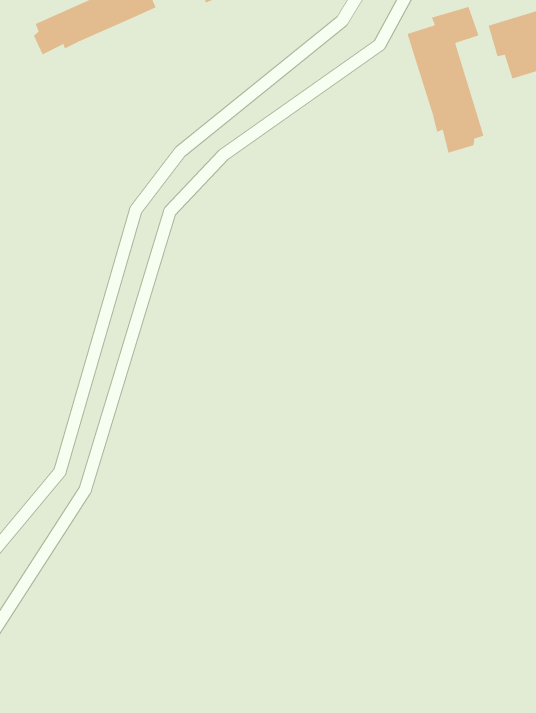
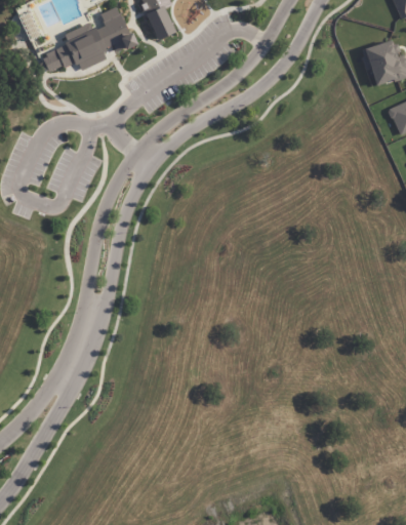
building: [407,6,484,153] -> none

